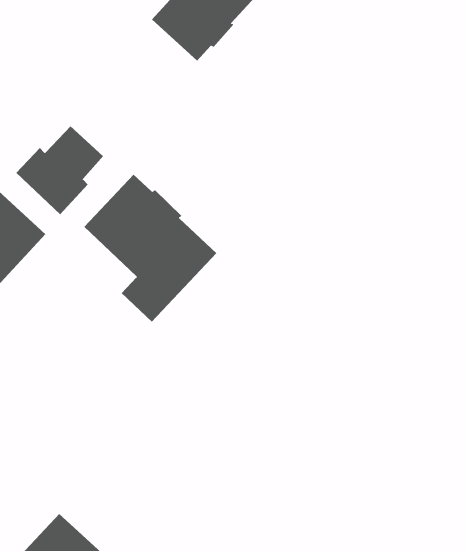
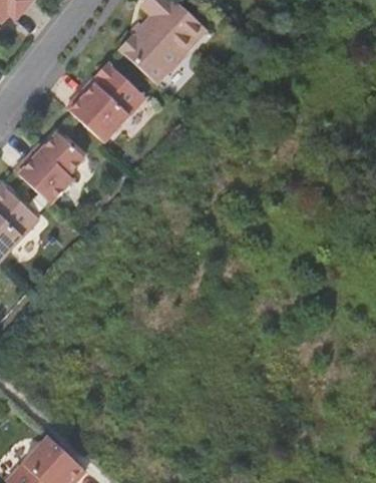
building: none -> [67,62,145,142]
building: [83,174,217,322] -> none

